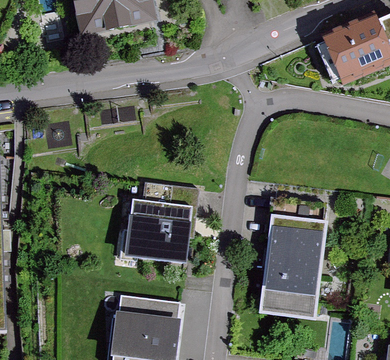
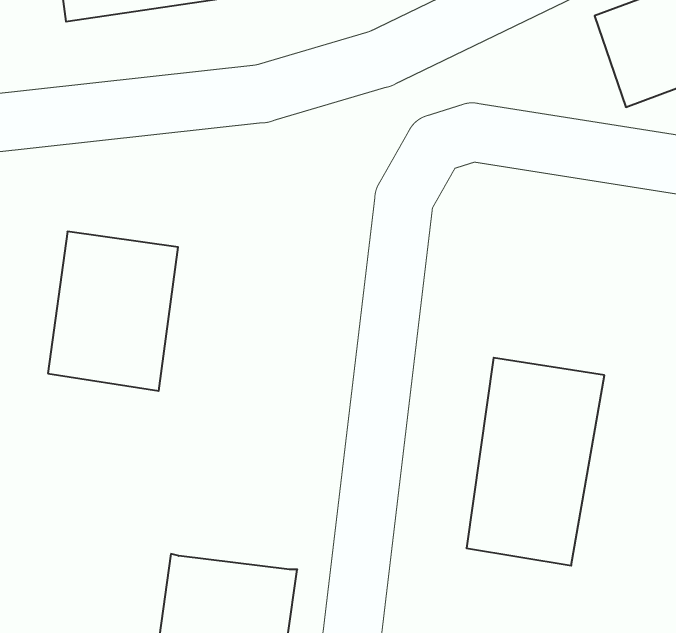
building: [127,184,194,266] -> [48,232,178,391]
building: [120,292,180,319] -> none

